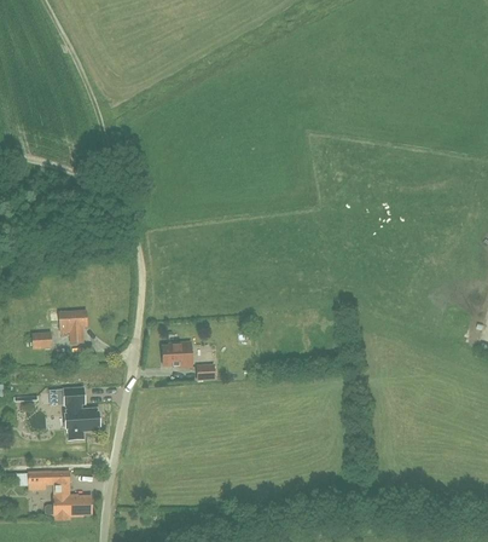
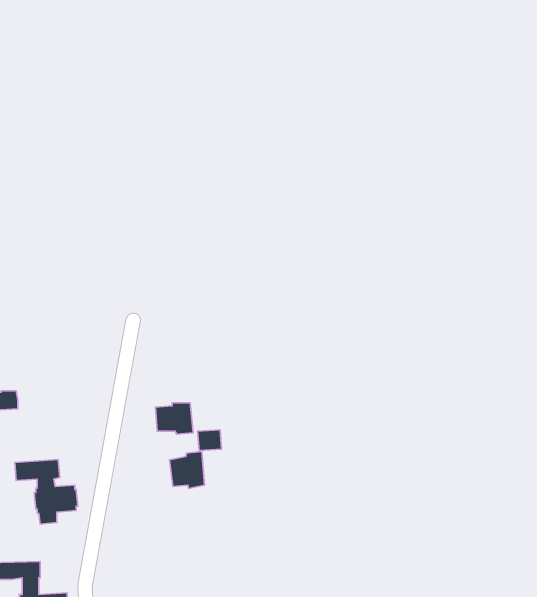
building: [59,310,87,342] -> none
building: none -> [170,452,205,488]

